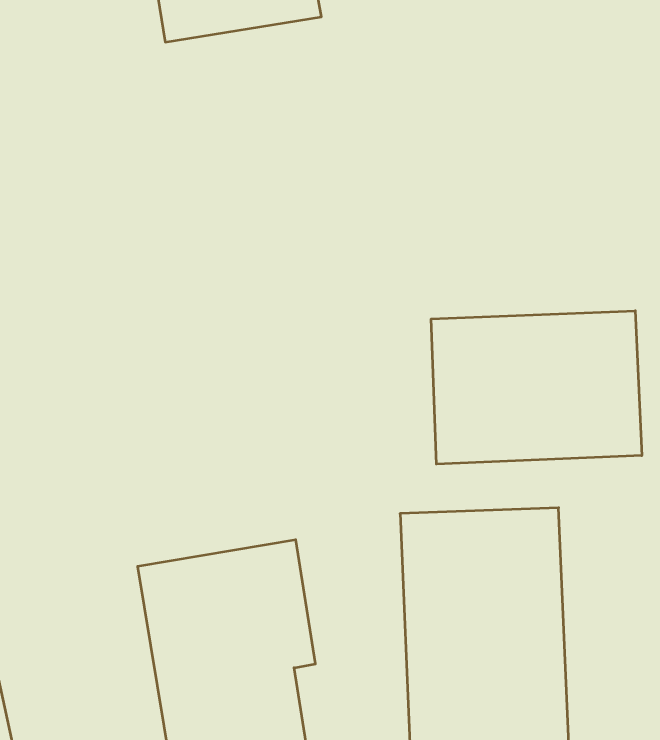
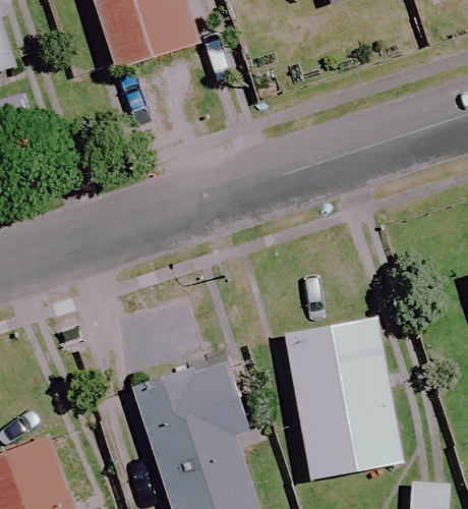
building: [431,311,642,464] -> none

